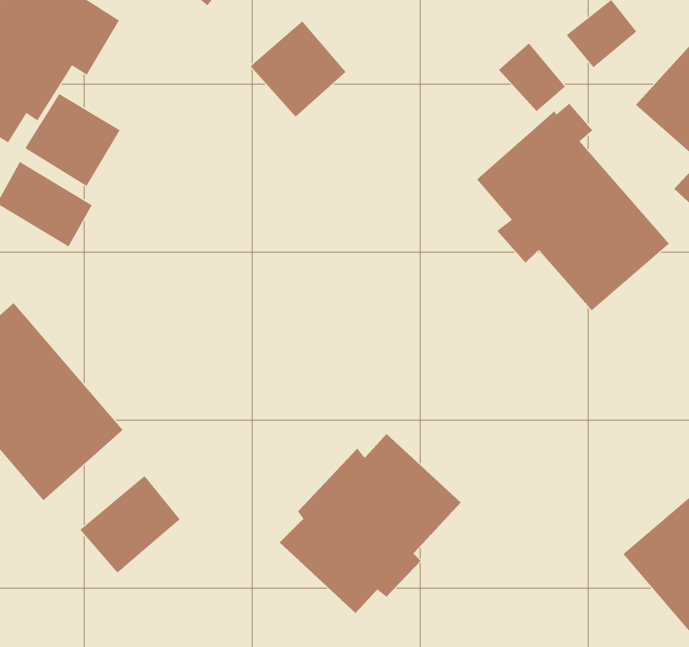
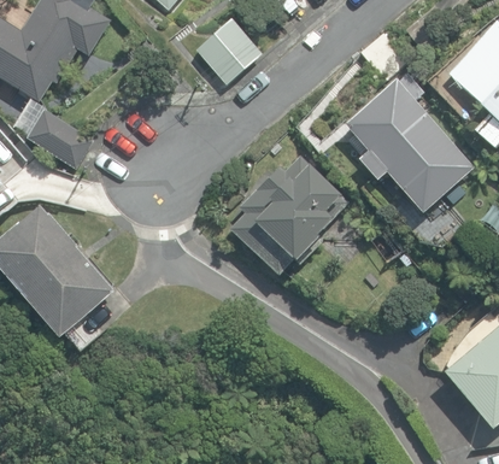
building: [25,93,121,187] -> none
building: [279,433,462,614] -> [229,155,350,275]
building: [80,475,180,574] -> none

